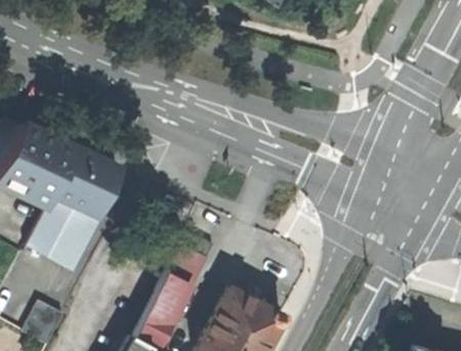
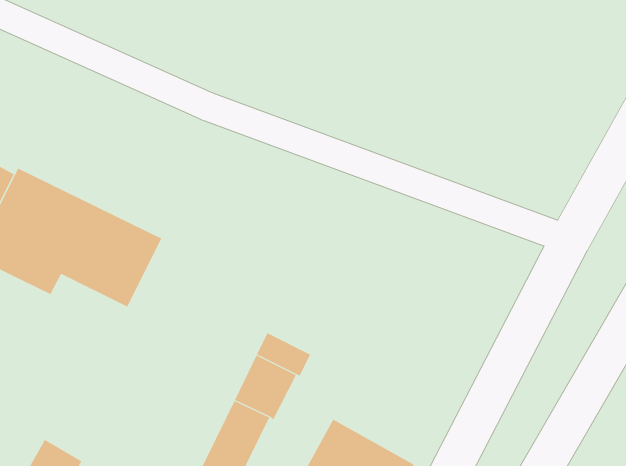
building: [30,195,97,269] -> none

